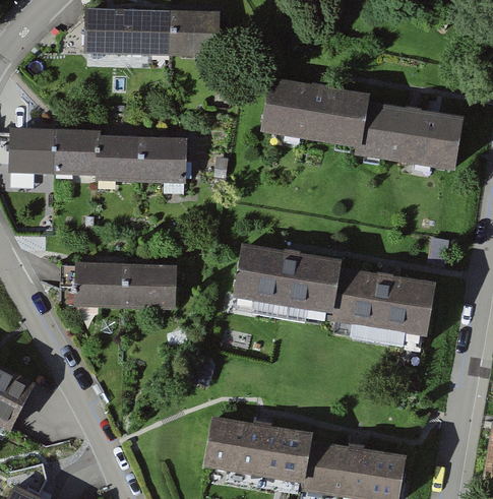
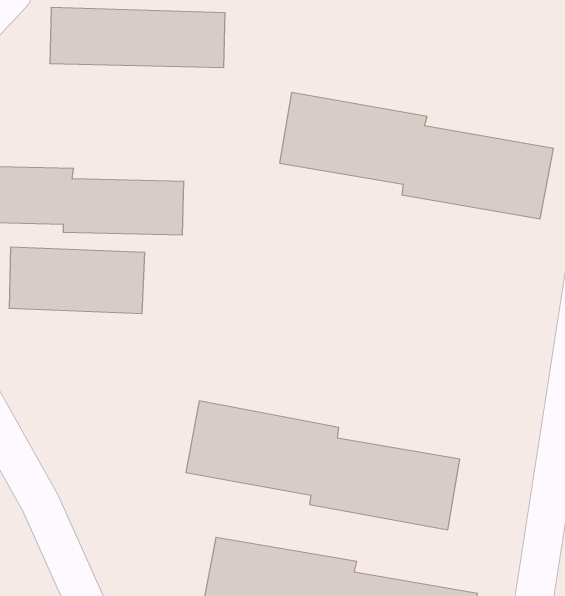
building: [229,237,438,335] -> [186,401,460,530]
building: [72,262,176,313] -> [9,247,145,314]

